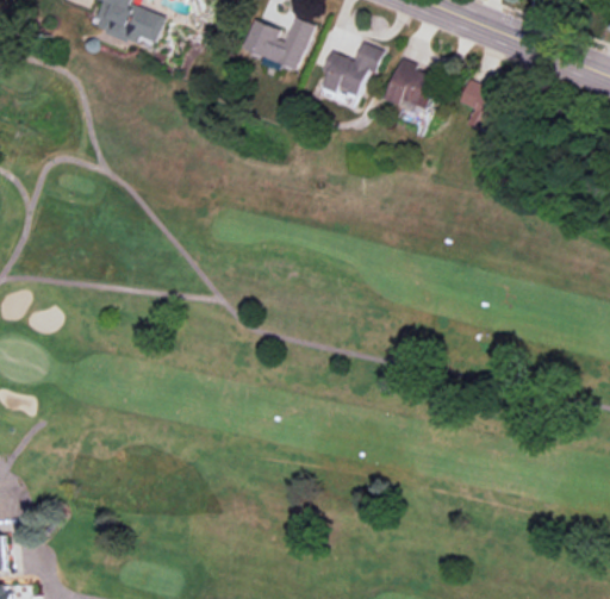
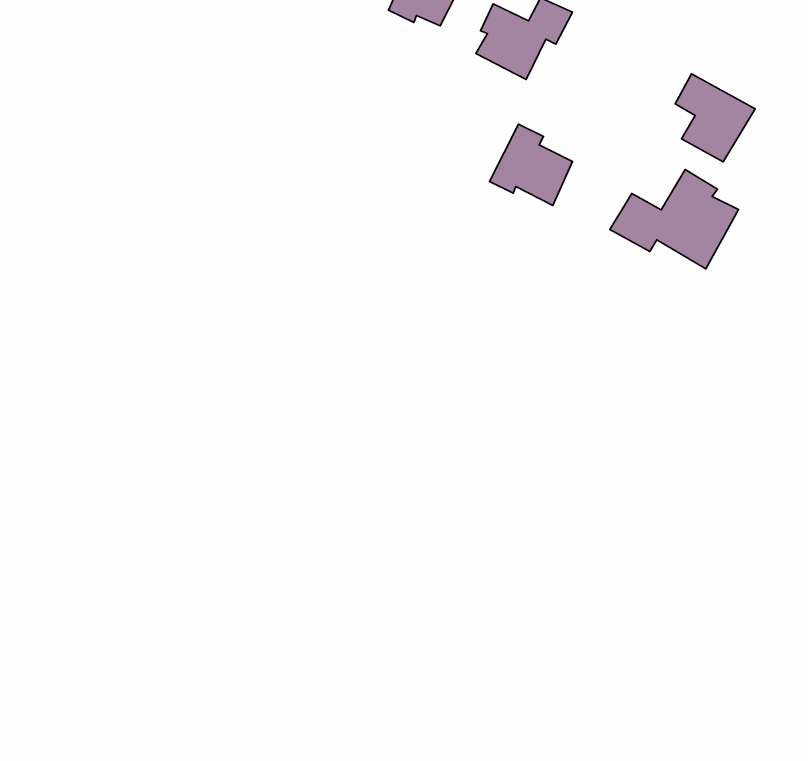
building: [384,57,437,108] -> [490,124,573,206]
building: none -> [610,170,739,269]

